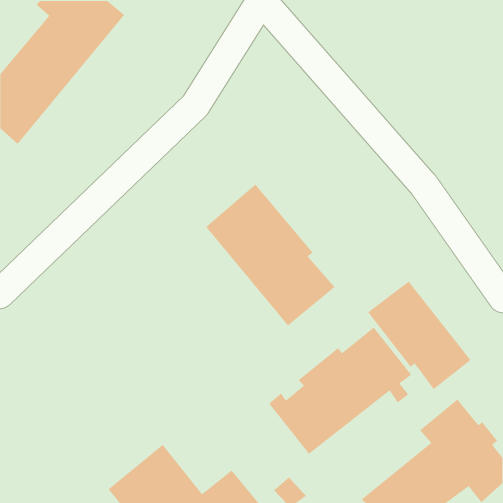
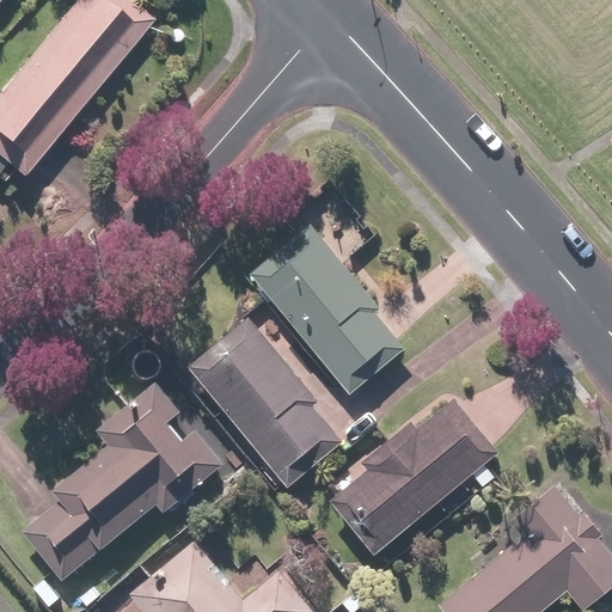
building: none -> [190,320,342,488]
building: [367,280,472,390] -> none
building: none -> [24,381,225,581]

